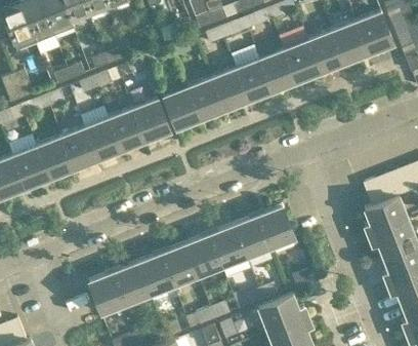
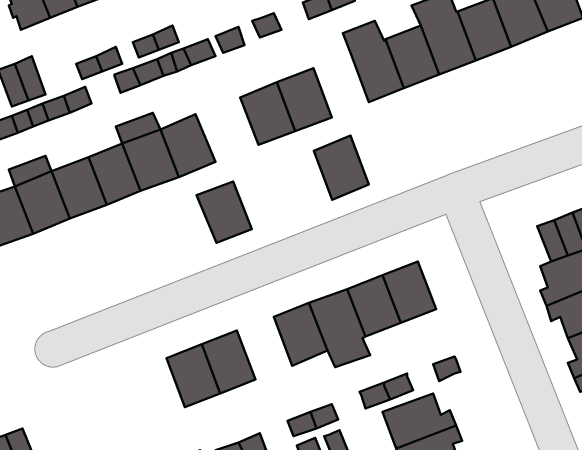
building: [212,68,249,111] -> [314,135,369,200]
building: [133,100,170,141] -> [197,182,252,243]
building: [161,244,198,286] -> none
building: [88,272,126,314] -> none

